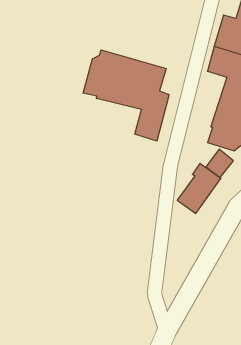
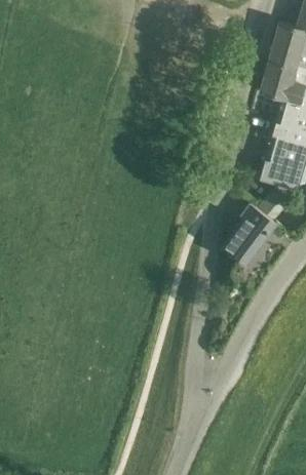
building: [83,50,169,141] -> none

